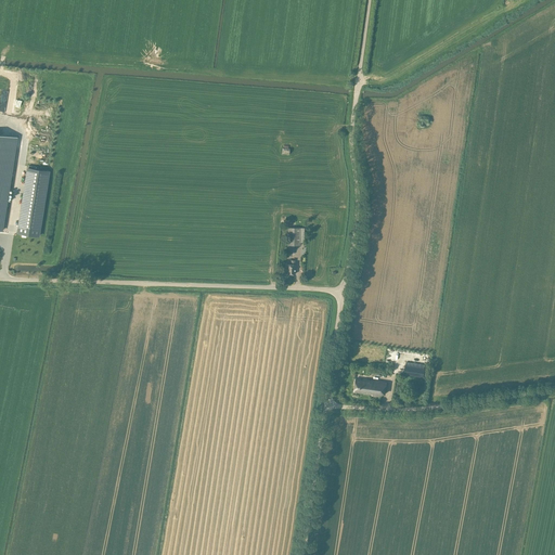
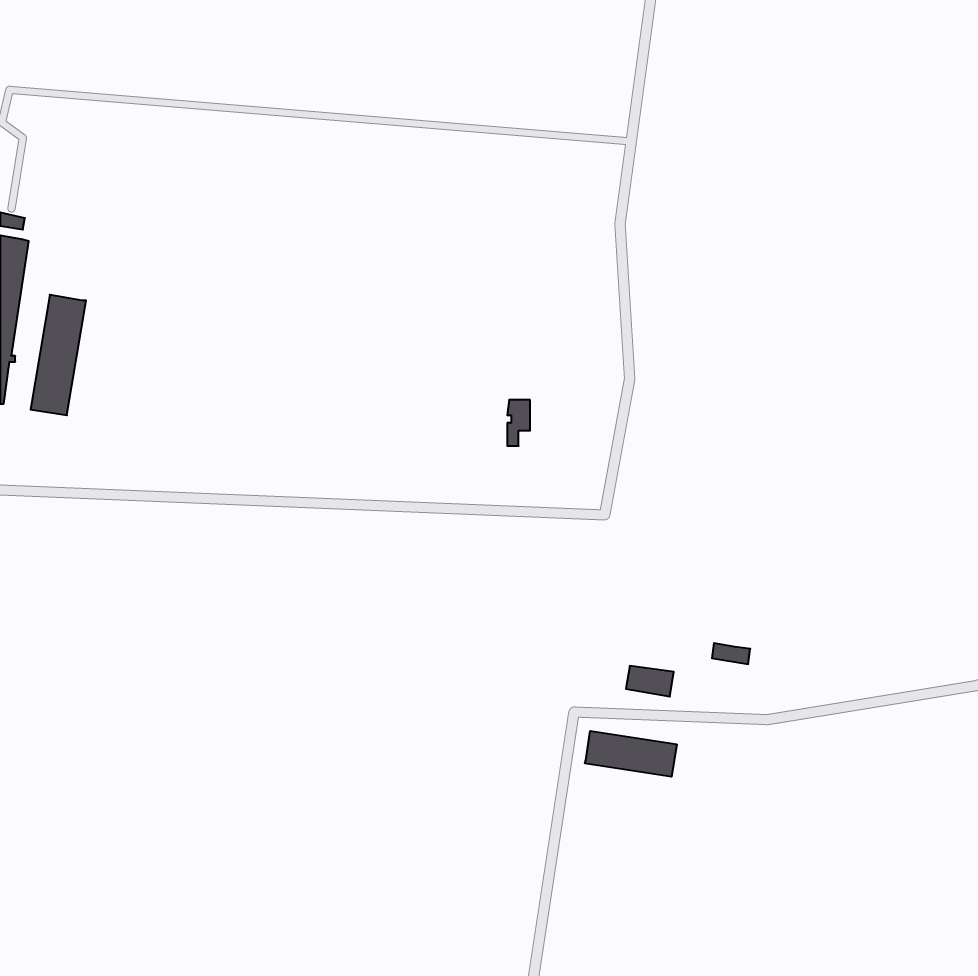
building: none -> [585,731,677,777]

